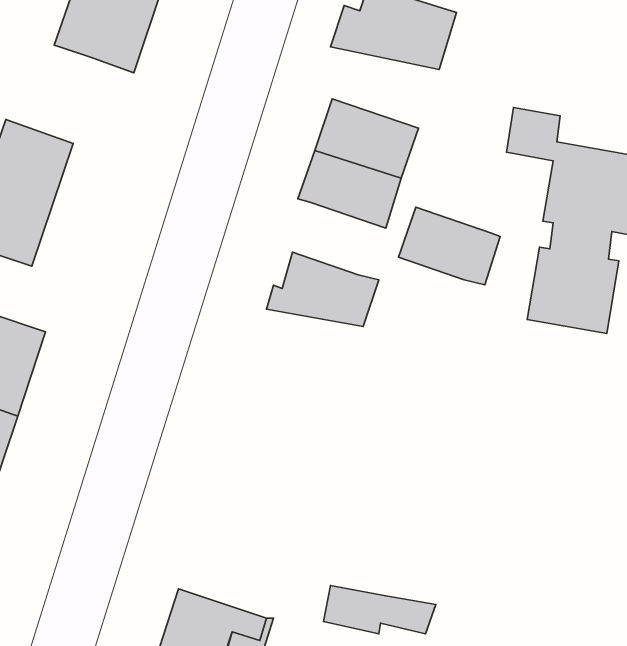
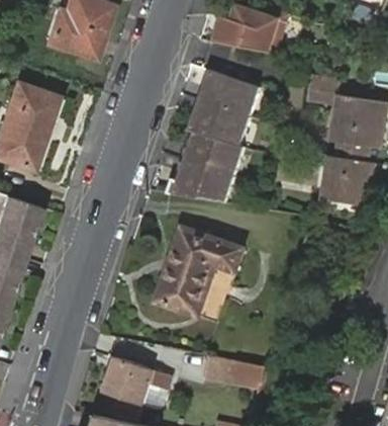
building: [398,207,500,285] -> [186,132,246,177]
building: none -> [159,229,246,317]

